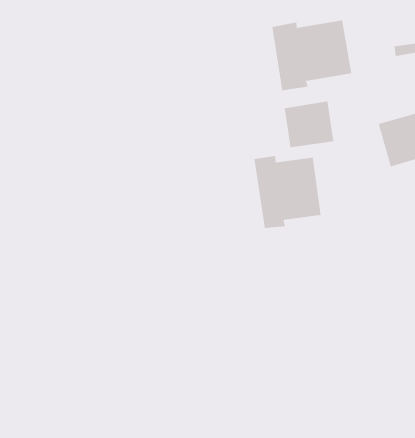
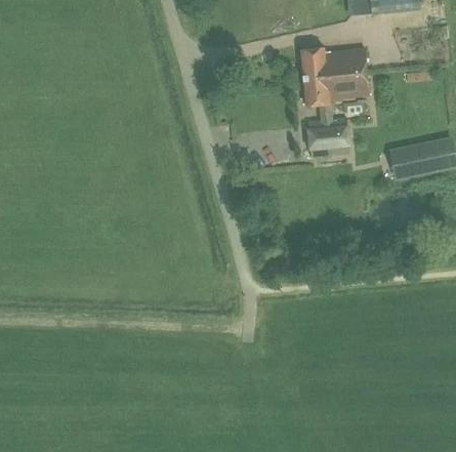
building: [254,155,321,229] -> none

